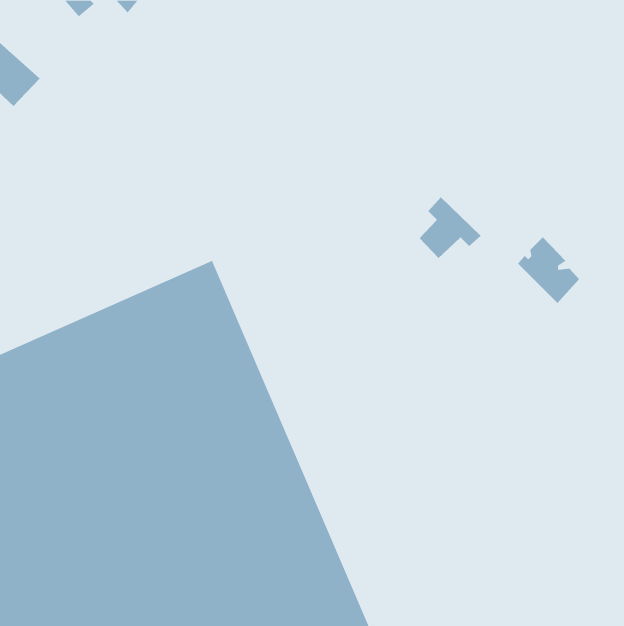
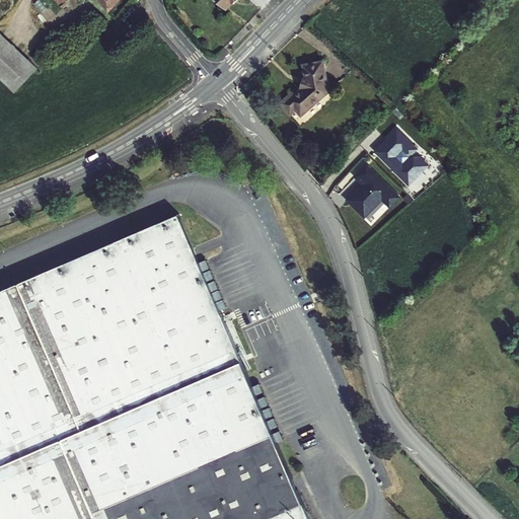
building: none -> [280,59,326,115]
building: [517,236,580,304] -> [373,127,425,182]

